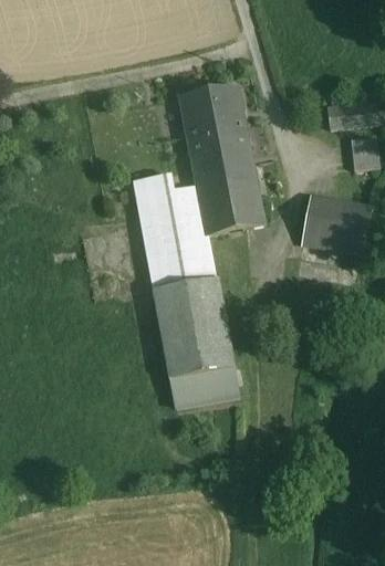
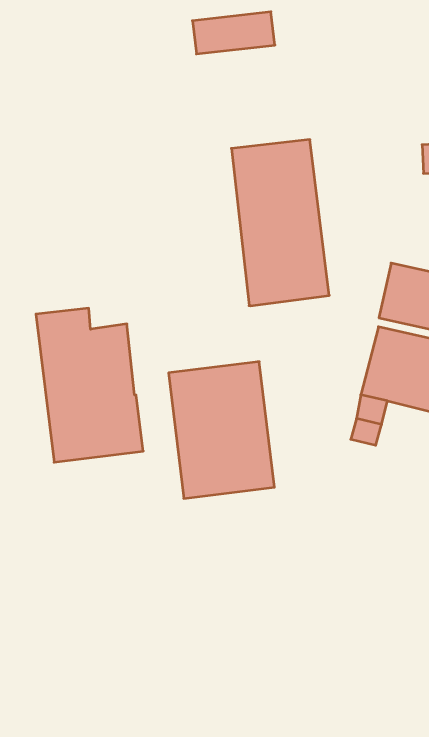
building: [183,84,244,118] -> [192,12,275,54]
building: [131,171,216,286] -> [36,308,143,462]
building: [167,366,239,406] -> none

